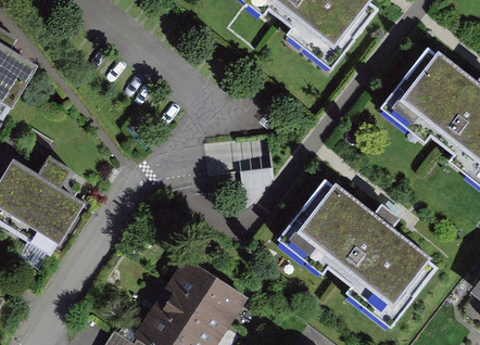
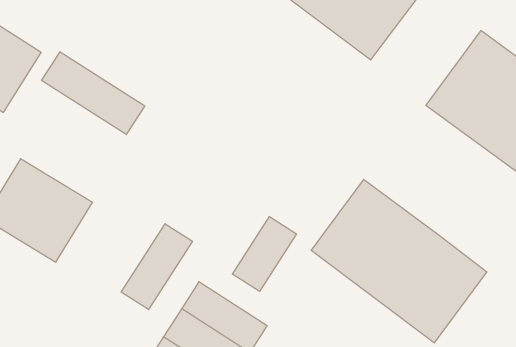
building: none -> [42,52,145,135]
building: none -> [232,217,296,291]
building: none -> [121,224,192,310]

